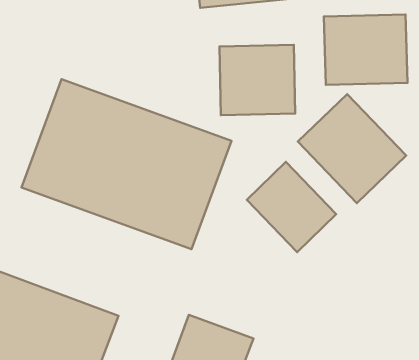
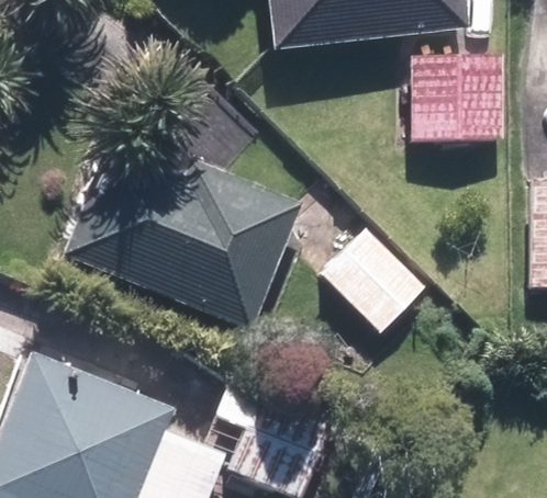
building: [220,45,295,115] -> none
building: [298,94,406,203] -> none

